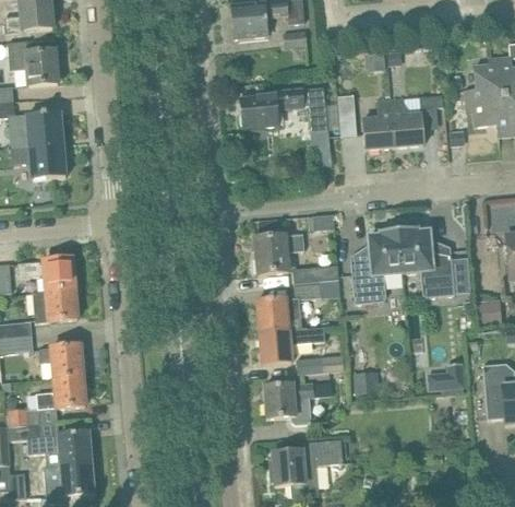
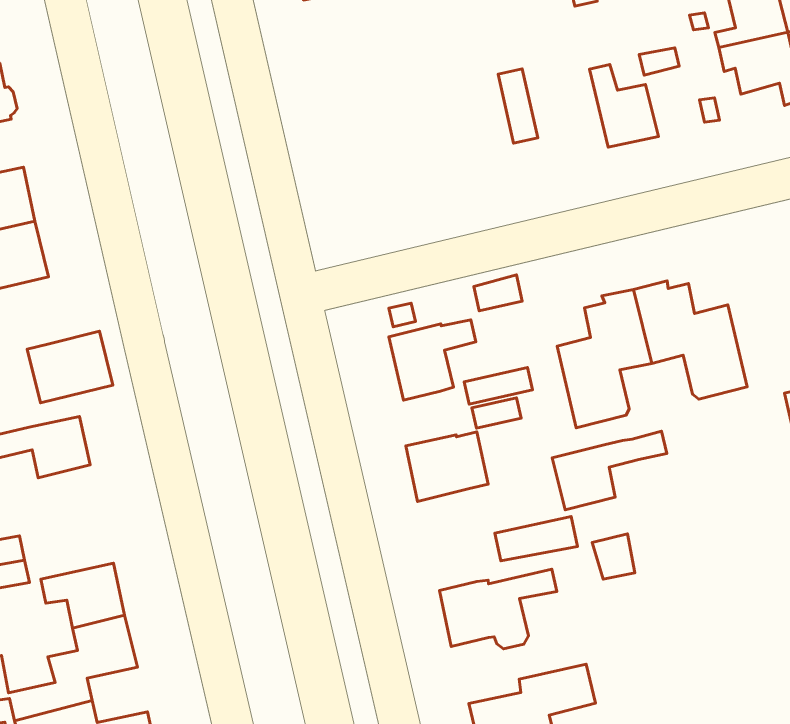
building: [241,87,327,146] -> none
building: [362,101,395,149] -> none
building: [33,286,79,322] -> [27,331,113,403]
building: [259,327,324,364] -> [552,431,667,510]
building: [428,359,463,388] -> none

